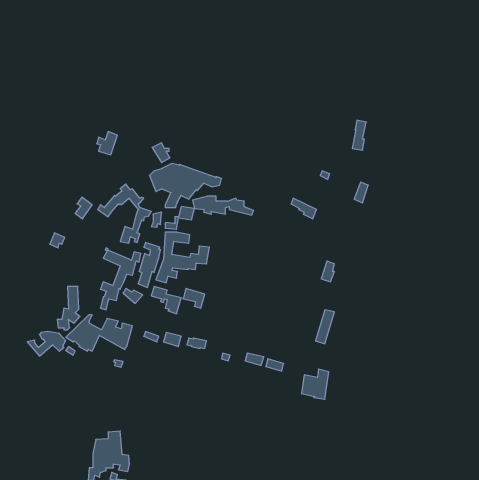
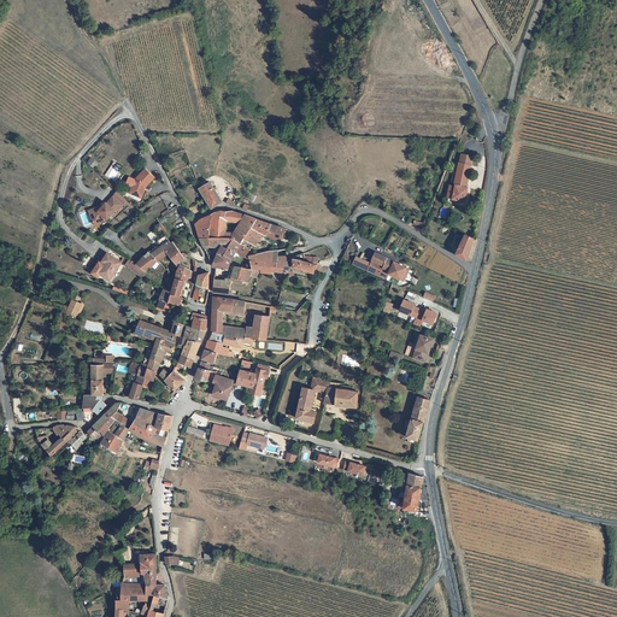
building: none -> [86,192,125,227]
building: none -> [396,300,436,327]
building: none -> [296,378,357,423]

